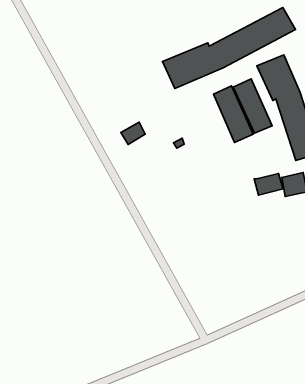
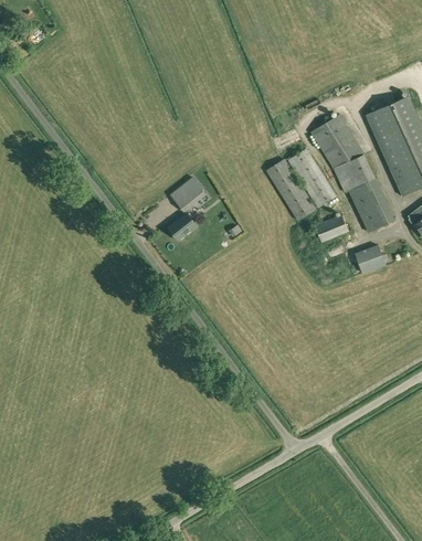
building: [163,8,296,89] -> none
building: none -> [170,177,205,212]
building: [254,173,283,195] -> [315,214,349,242]

